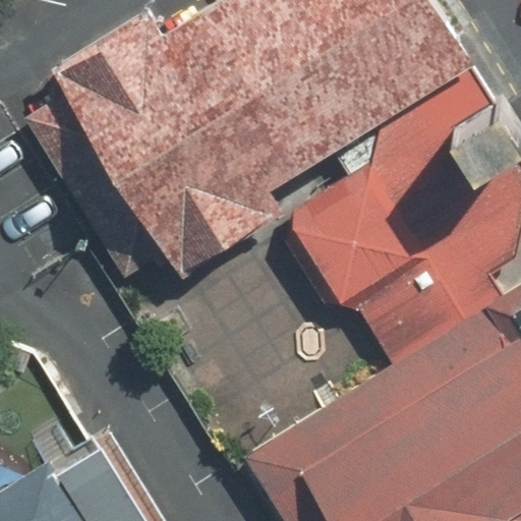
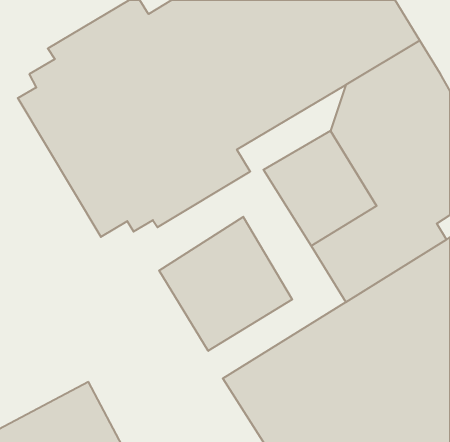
building: none -> [159,217,292,351]

